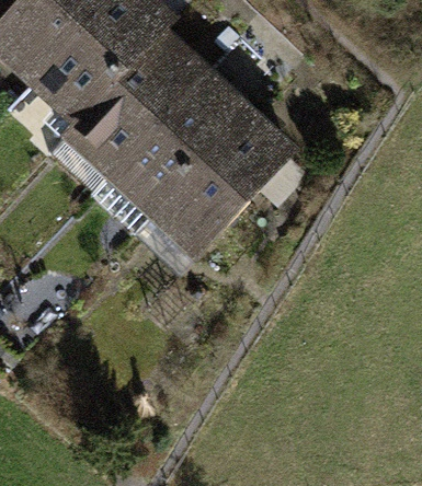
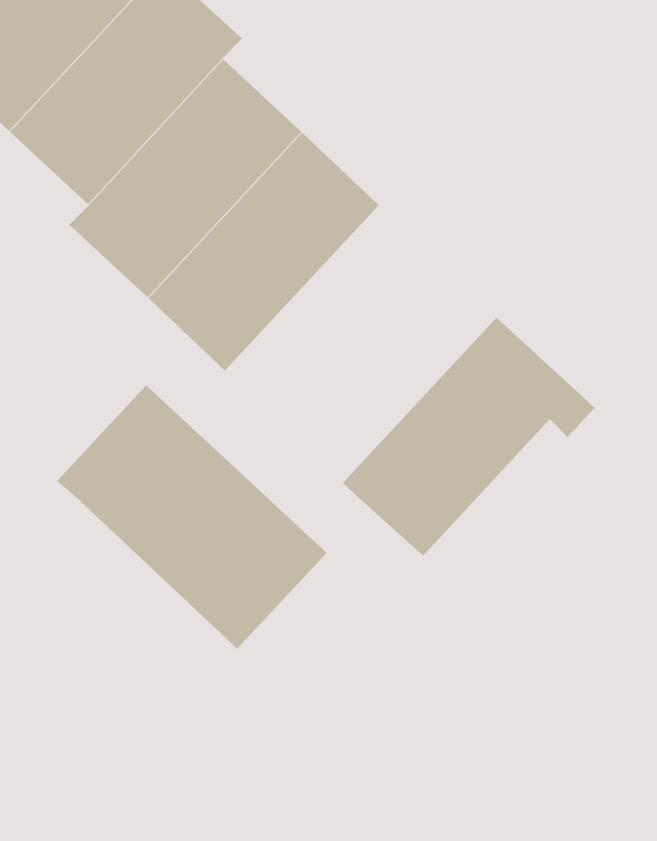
building: [149,118,289,251] -> [342,317,595,557]
building: none -> [56,385,327,650]

